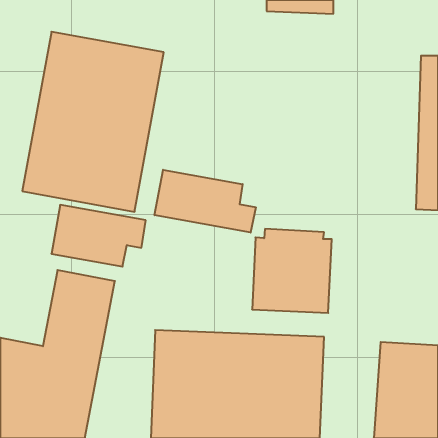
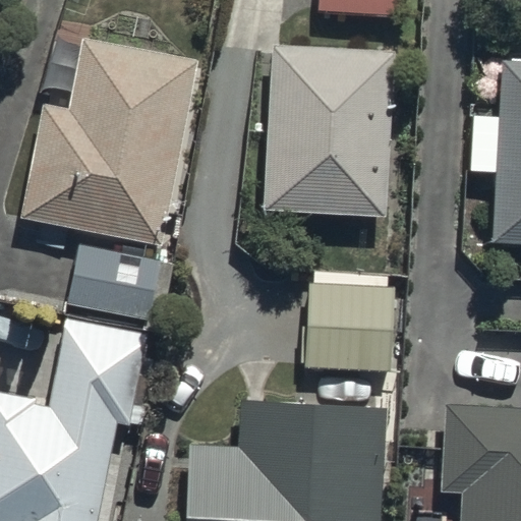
building: none -> [266,49,399,215]
building: [155,170,256,233] -> none

